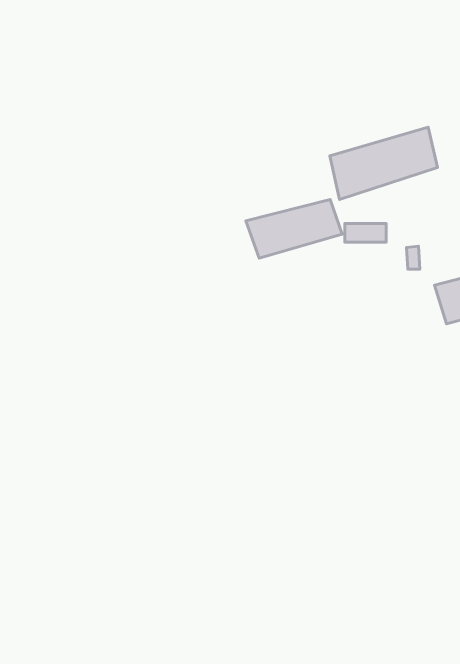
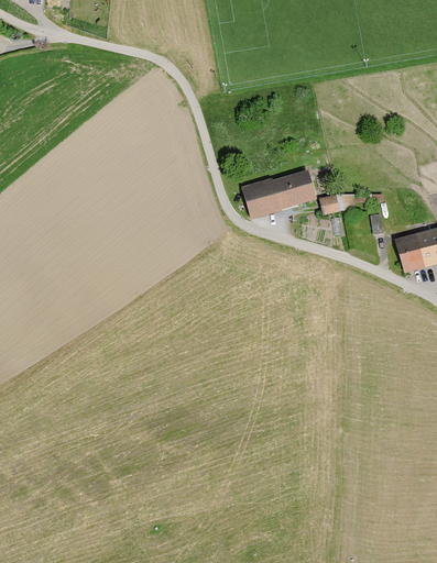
building: [330,127,438,200] -> none

